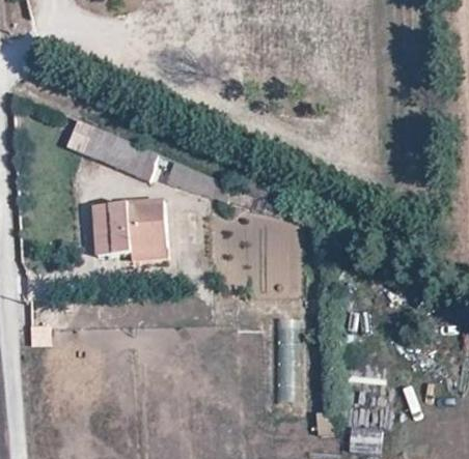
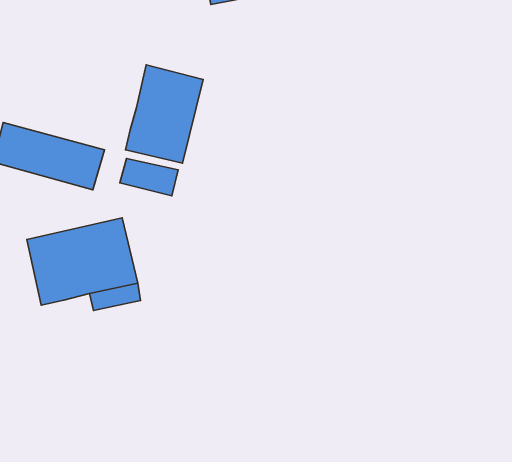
building: none -> [125,65,203,163]

